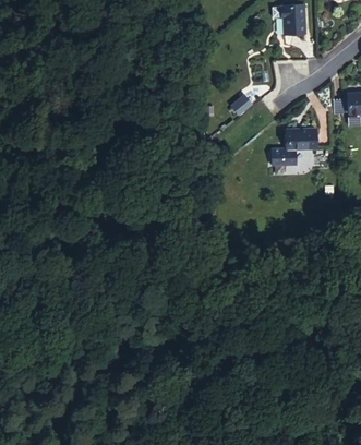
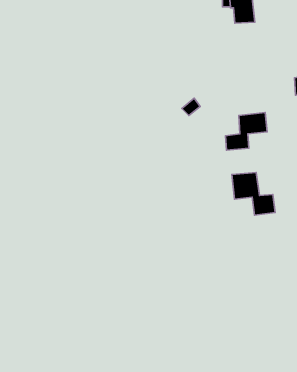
building: none -> [232,172,275,215]

